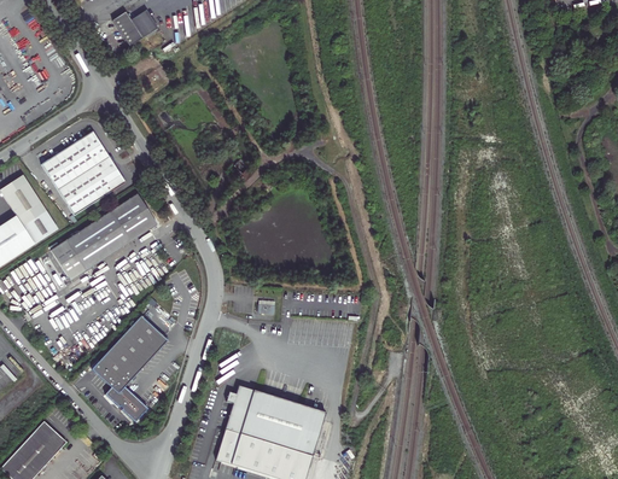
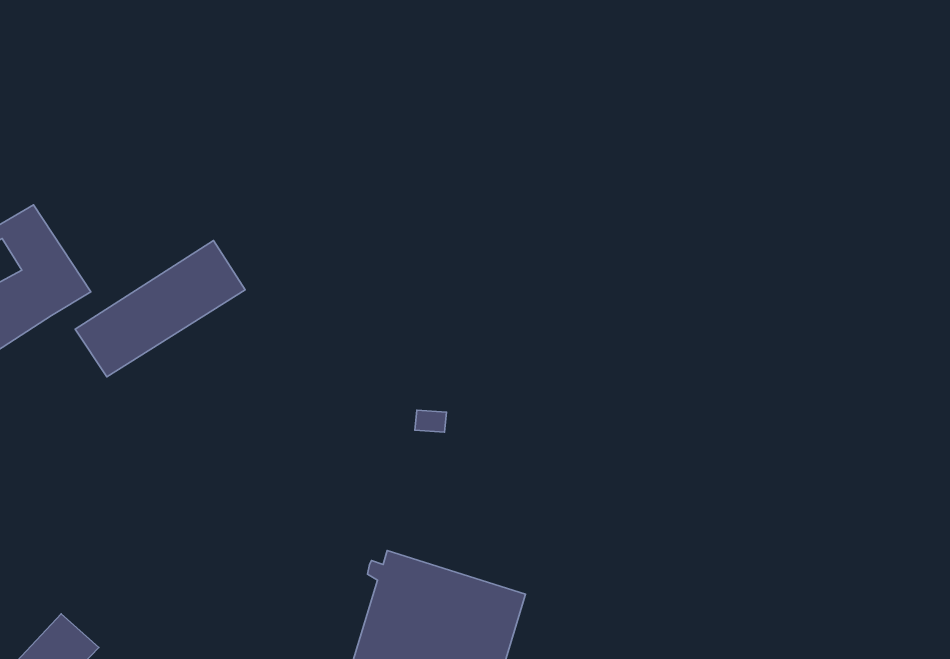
building: [40,132,123,216] -> none
building: [92,314,169,420] -> none

